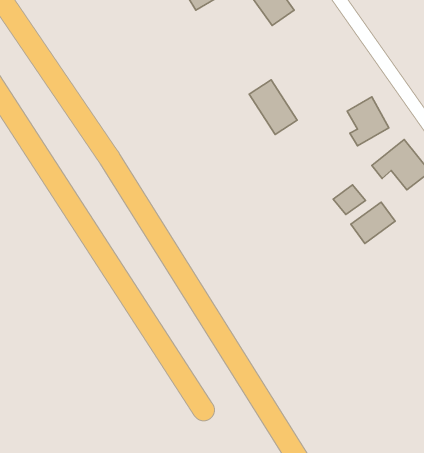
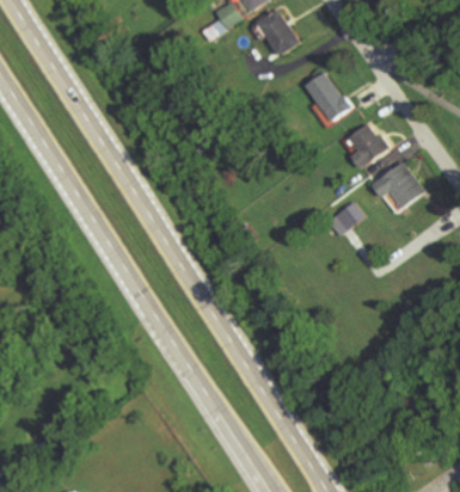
building: [249,80,297,134] -> [303,70,348,121]
building: [351,202,395,243] -> none

